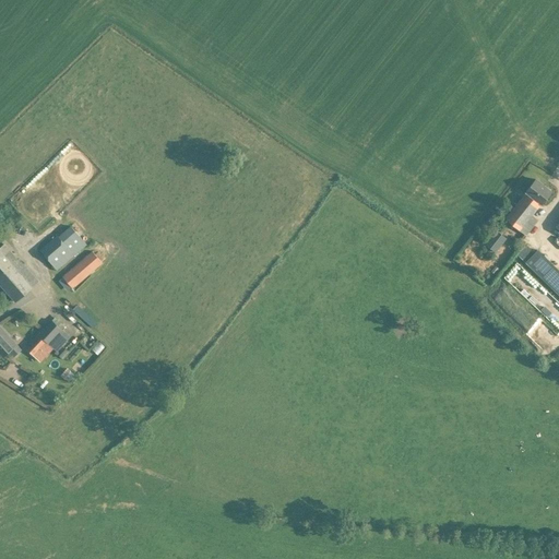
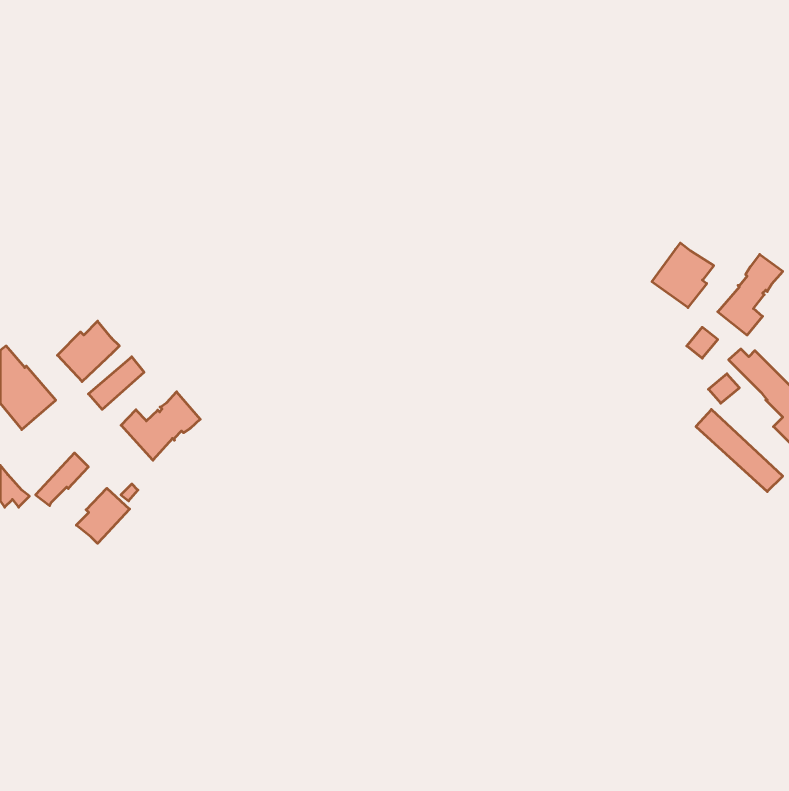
building: none -> [652,243,714,308]
building: none -> [121,392,200,460]
building: none -> [76,488,130,543]

